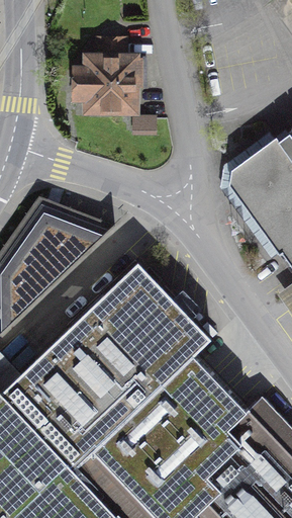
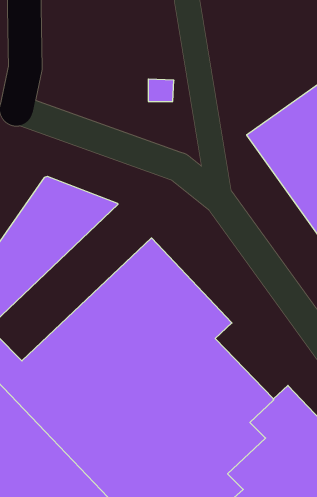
building: [70,54,139,116] -> none

